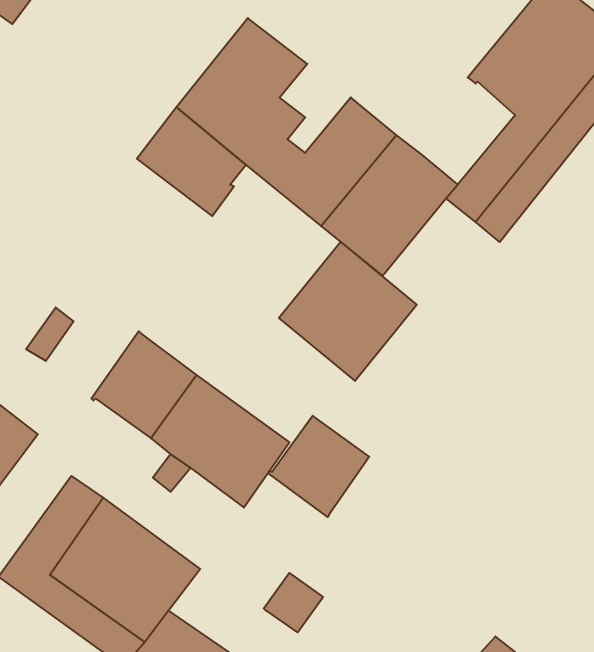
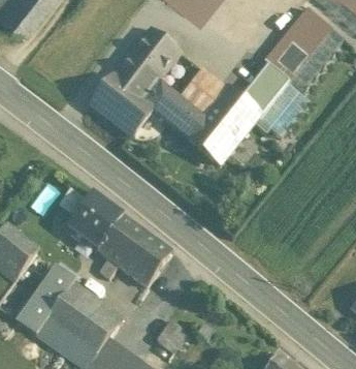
building: none -> [238,63,287,117]
building: [279,242,417,381] -> none
building: [268,416,369,517] -> none

